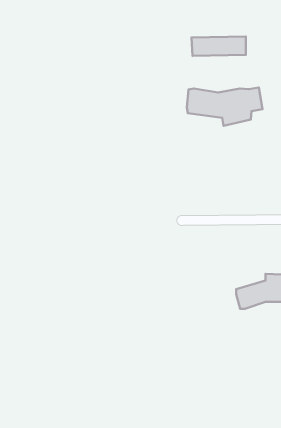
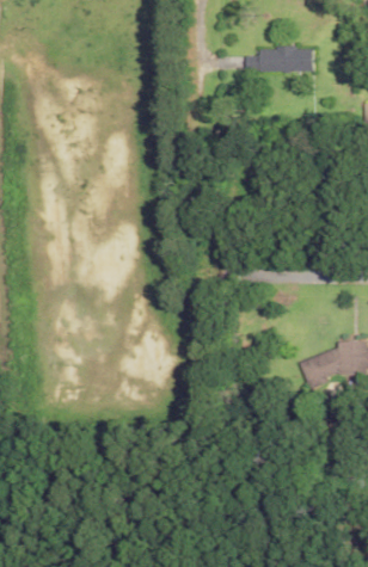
building: [187,87,262,126] -> none

